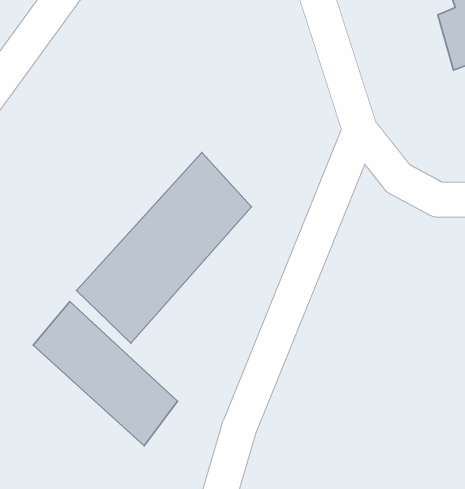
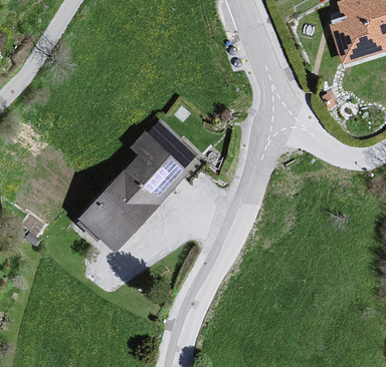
building: [33,301,178,446] -> none

